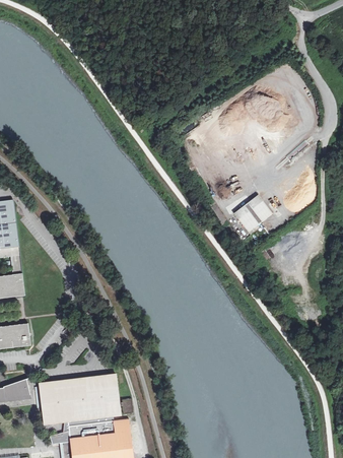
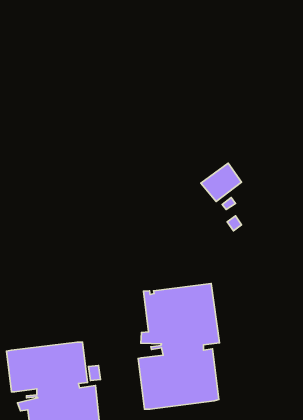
building: none -> [138,283,219,409]

